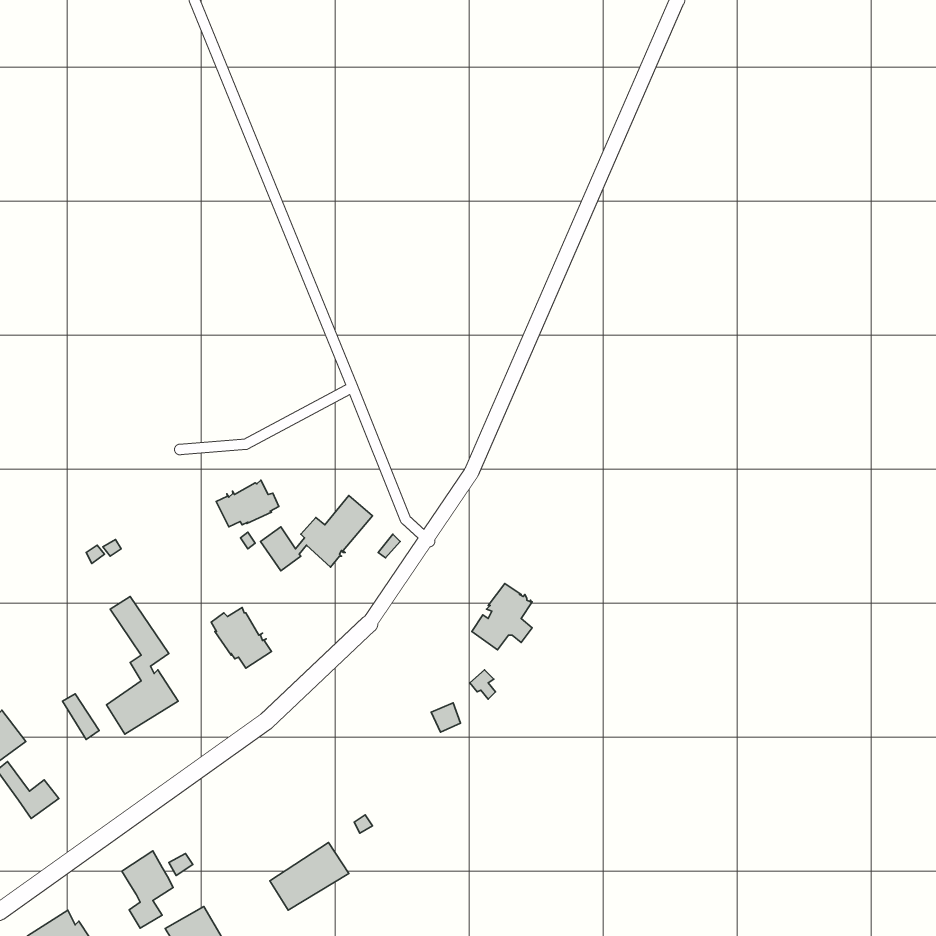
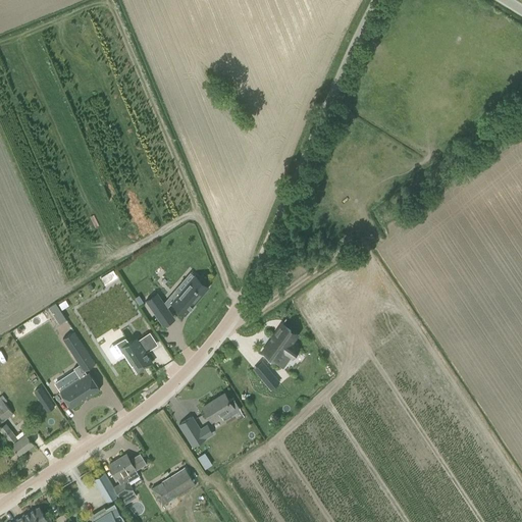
building: [216,480,279,527] -> none
building: none -> [200,395,240,424]
building: none -> [177,417,204,448]
building: [122,851,173,928] -> [108,455,137,498]

